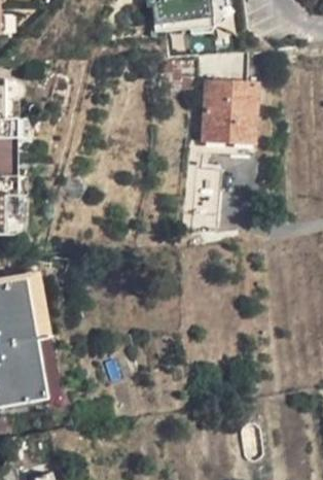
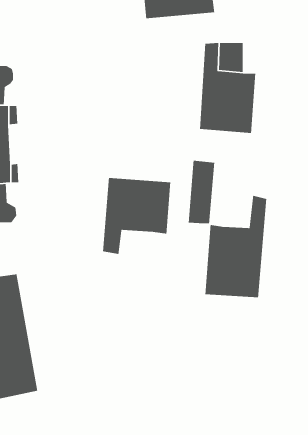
building: none -> [102,177,171,255]
building: none -> [204,195,267,298]

